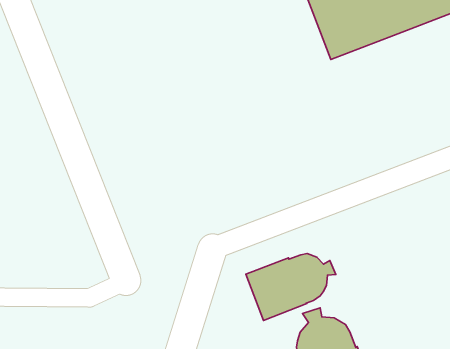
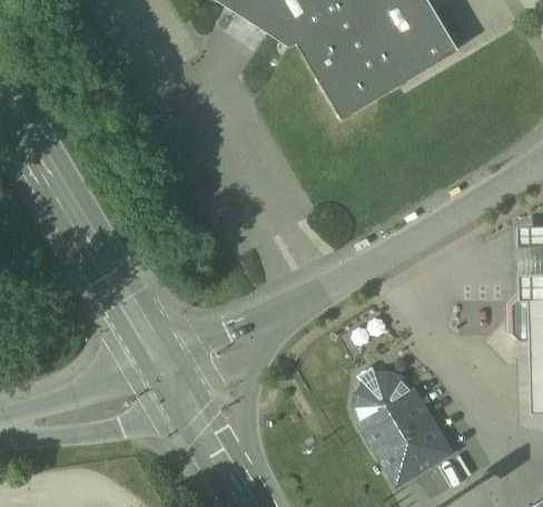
building: [246,254,336,321] -> none

